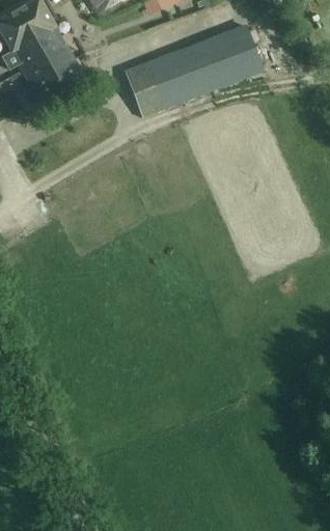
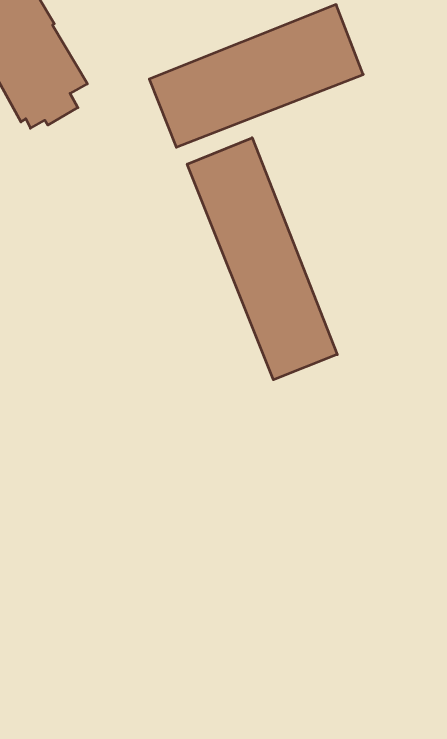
building: none -> [187,138,337,380]

